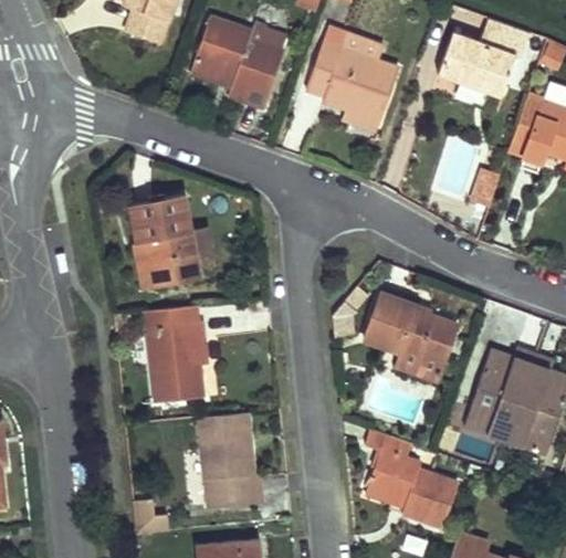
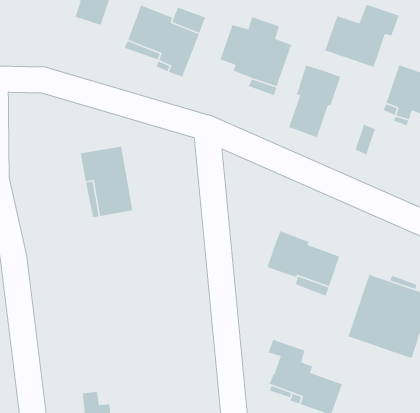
building: none -> [288,64,341,138]
building: [149,302,206,402] -> none
building: [201,409,258,502] -> none

